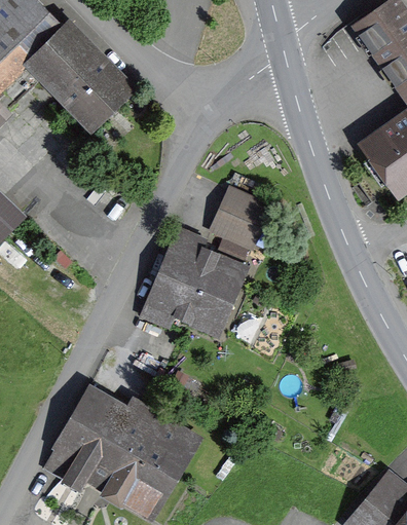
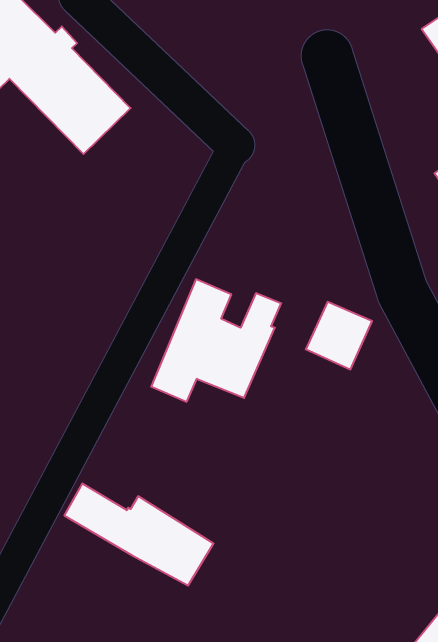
building: [214,191,267,246] -> [306,302,372,370]
building: [45,417,172,513] -> none

